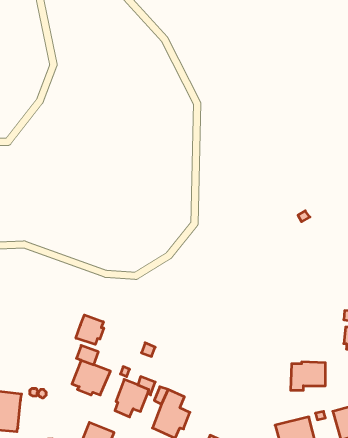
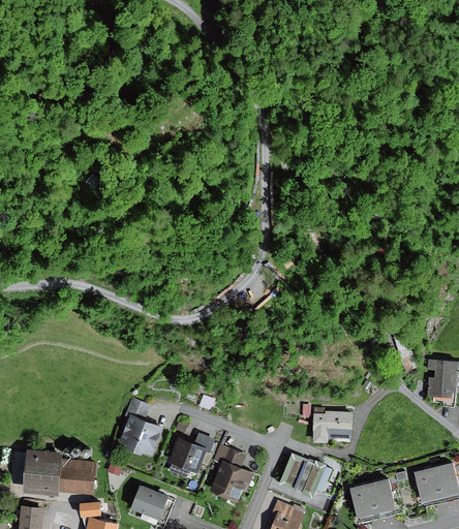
building: [76,315,104,344] -> none
building: [291,362,325,390] -> [312,411,351,443]
building: none -> [279,453,327,497]
building: none -> [59,460,96,494]

